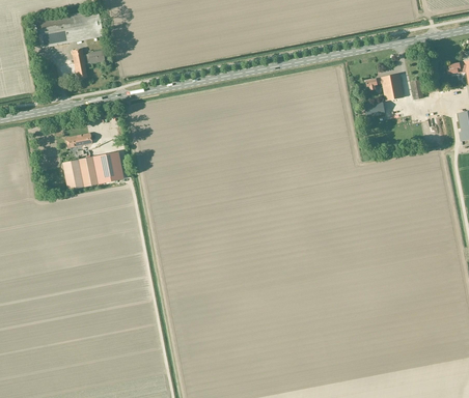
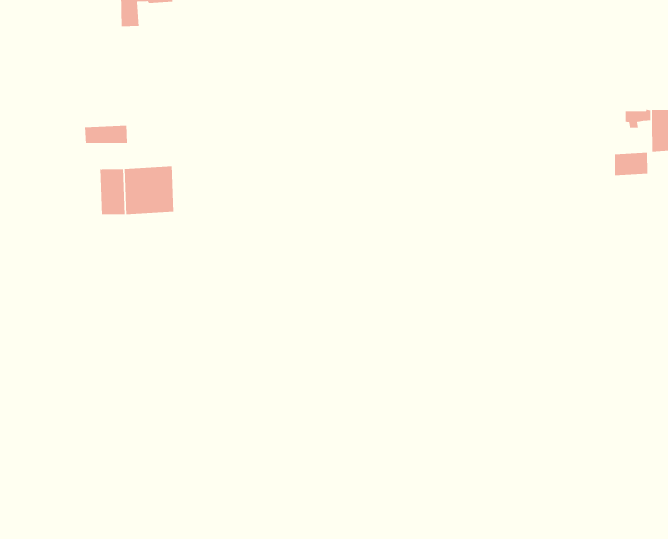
building: [62,160,83,189] -> none

